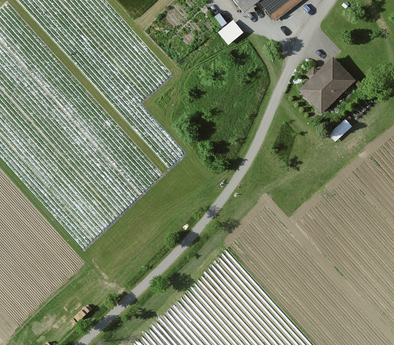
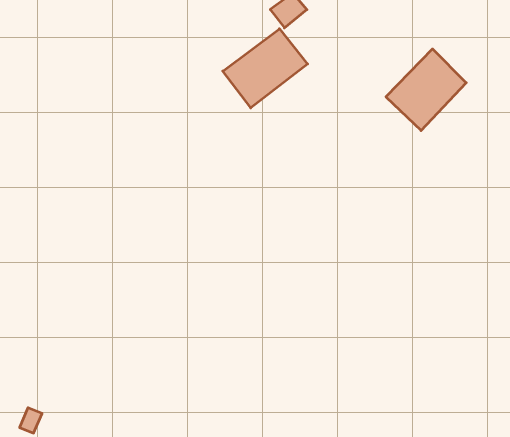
building: none -> [223,29,308,108]

